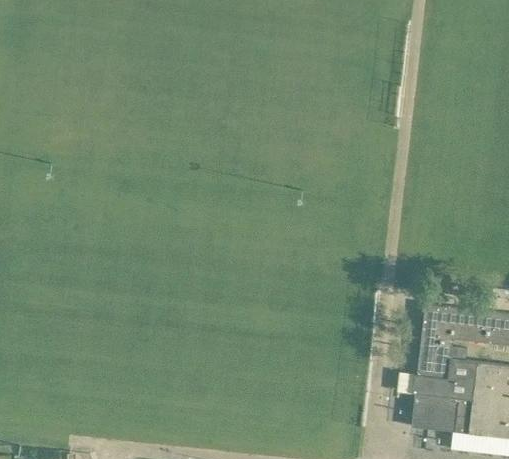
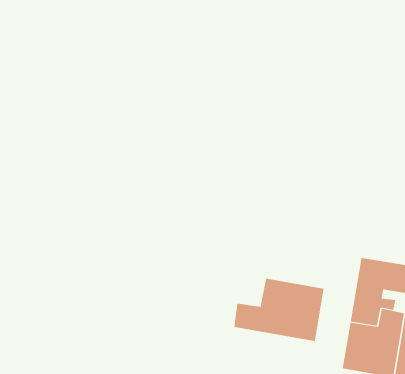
building: none -> [234,278,324,342]

